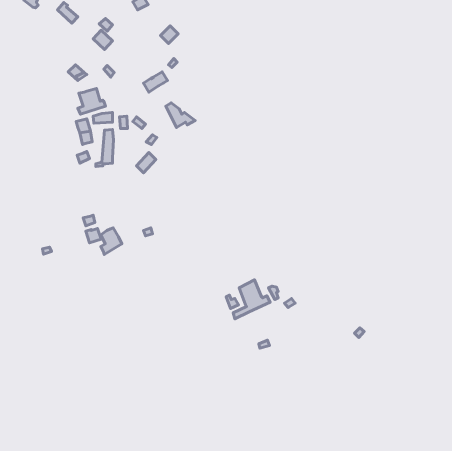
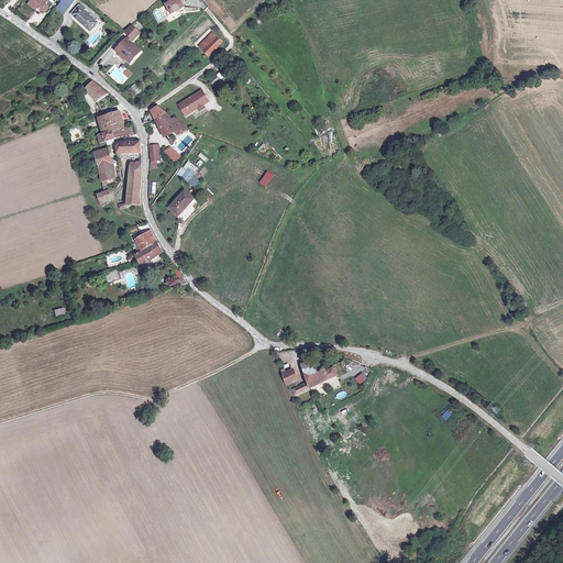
building: [166,103,195,127] -> [151,104,187,135]
building: [101,228,122,254] -> [135,230,162,263]

